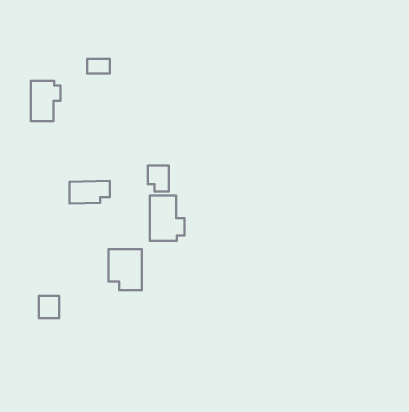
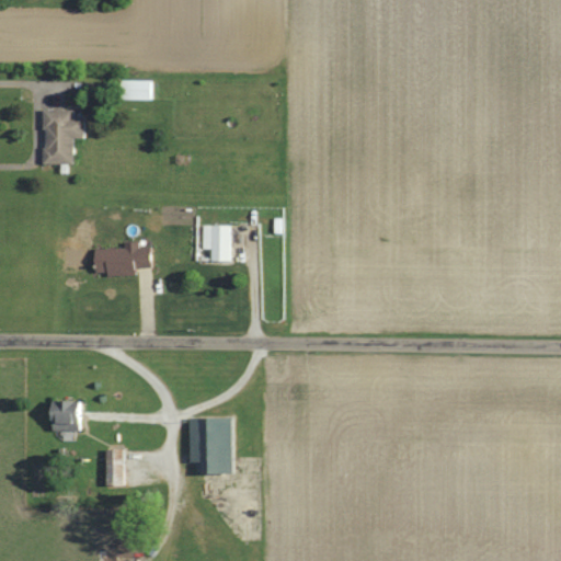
building: [150,195,184,241] -> none
building: [109,249,142,290] -> [188,419,233,474]
building: none -> [105,450,122,486]

